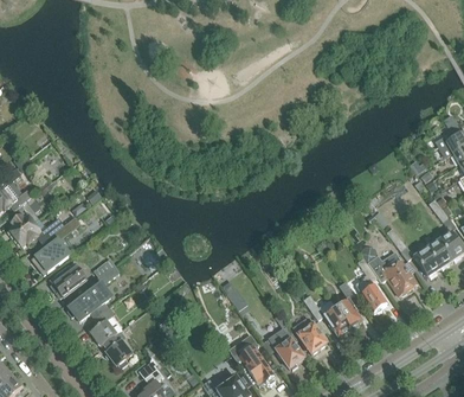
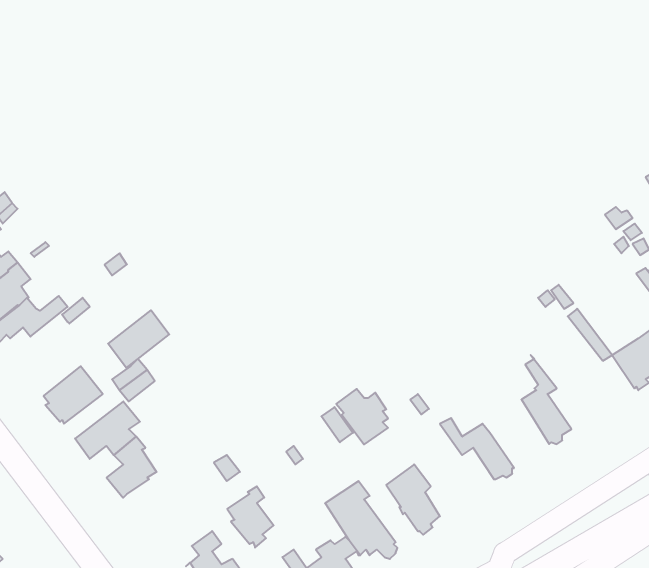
building: [32,238,71,275] -> [108,310,169,368]
building: [360,246,417,295] -> none
building: [335,281,361,327] -> none
building: [294,318,327,353] -> [336,389,388,444]
building: [103,329,133,369] -> [227,486,274,548]

